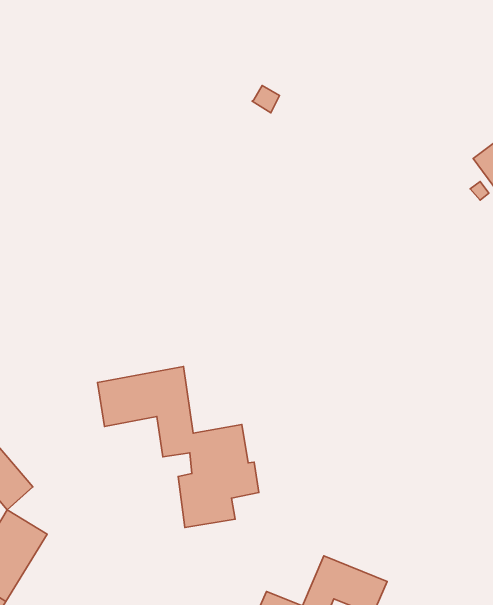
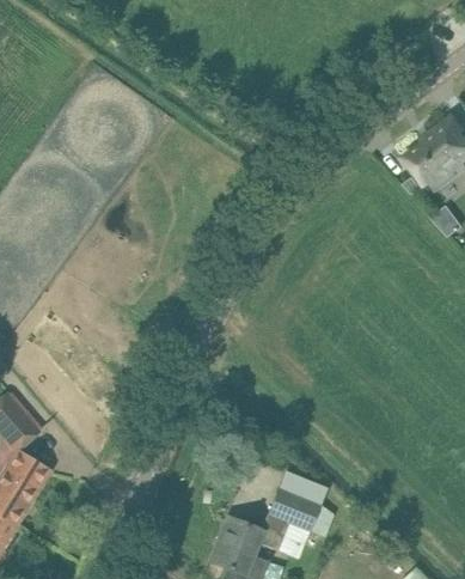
building: [98,366,259,528] -> none

